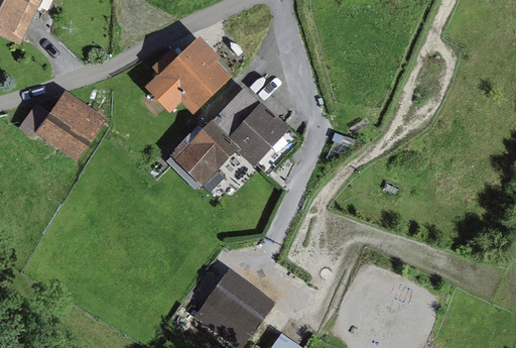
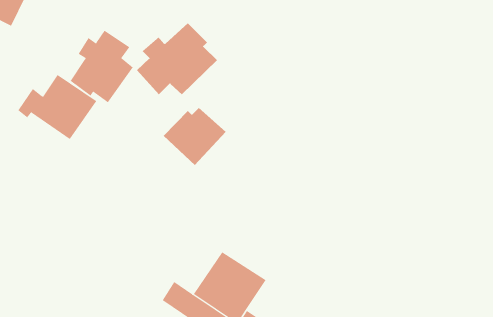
building: none -> [70,30,134,103]
building: [208,88,285,165] -> none

